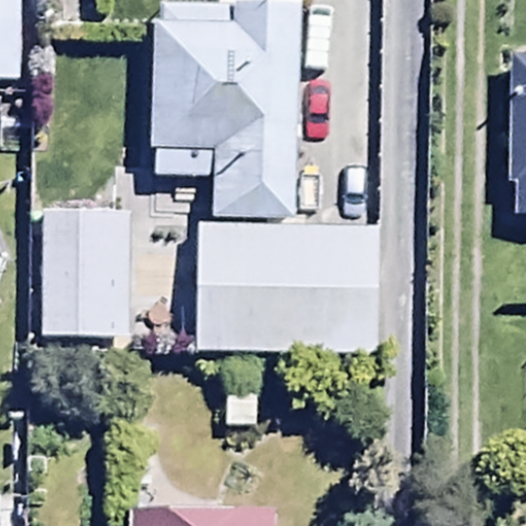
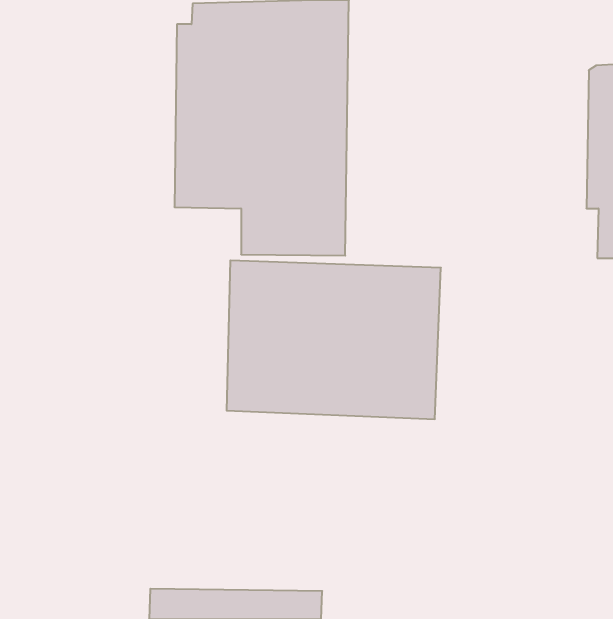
building: [42,212,130,339] -> none

